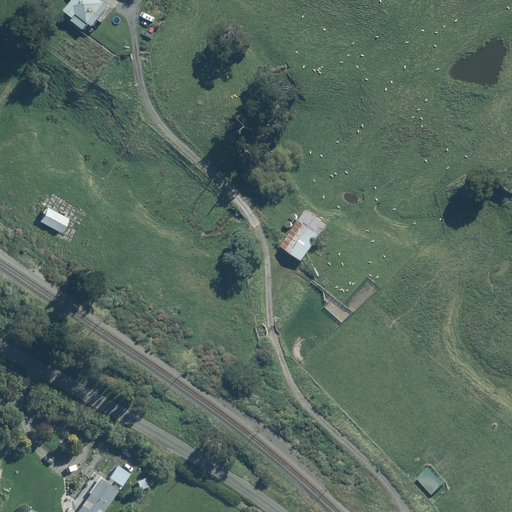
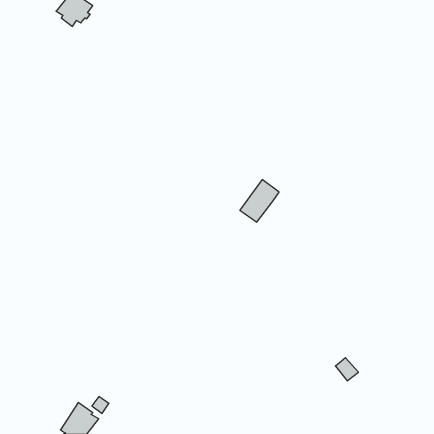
building: [37,206,66,232] -> none
building: [418,468,445,495] -> [335,358,358,381]

